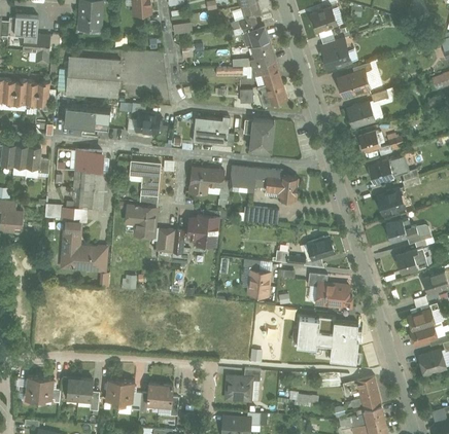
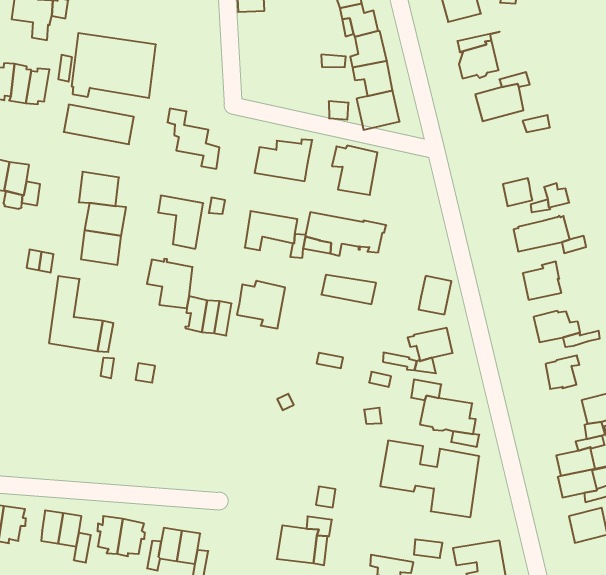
building: [345,102,374,128] -> none
building: [277,176,298,201] -> [419,276,451,314]
building: [247,270,269,295] -> none

